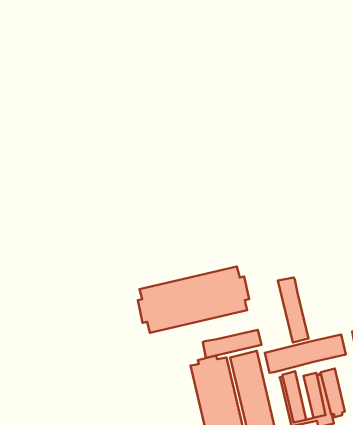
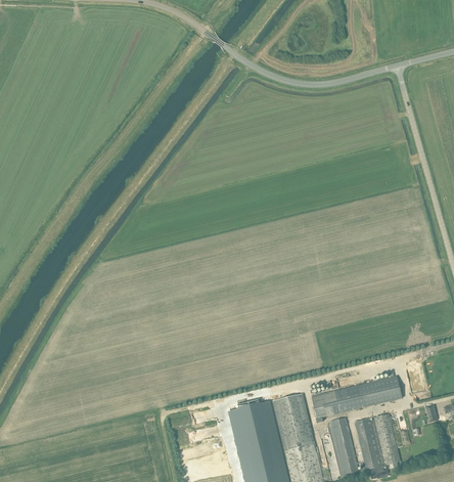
building: [138,266,249,333] -> none
building: [278,277,308,343] -> none
building: [203,330,262,358] -> none

